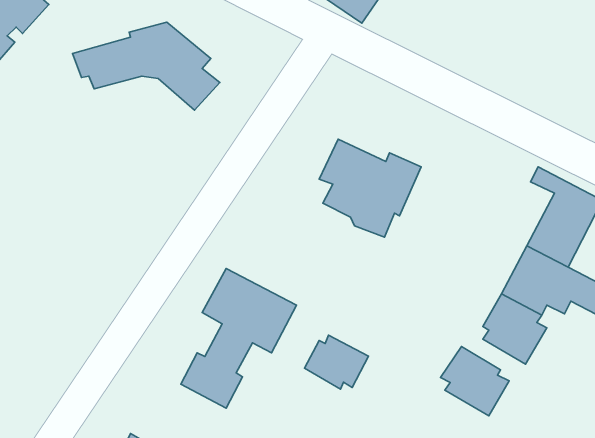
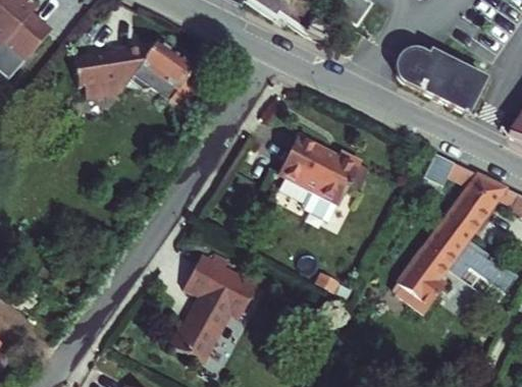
building: none -> [395,54,480,114]
building: [304,335,369,389] -> none
building: [441,347,509,416] -> none

